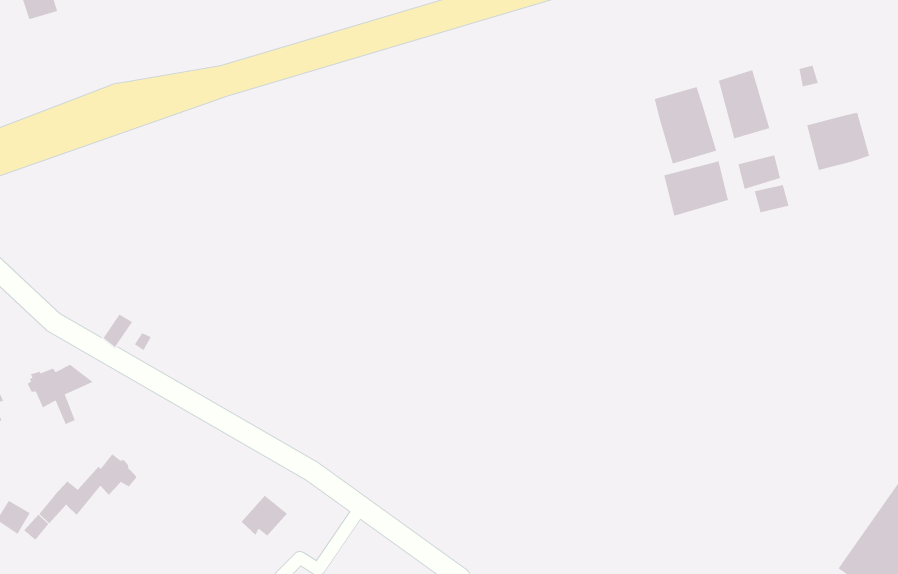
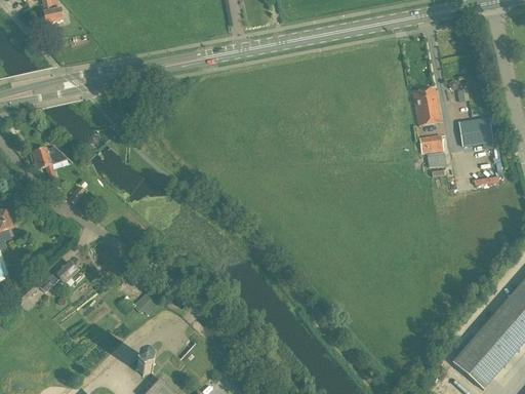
building: [654,86,717,164] -> none
building: [663,160,729,217] -> none
building: [27,364,103,425] -> [31,147,72,180]

